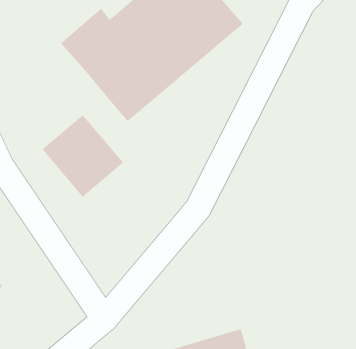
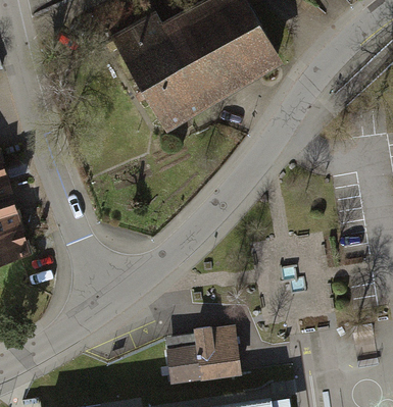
building: [41,114,124,198] -> none

